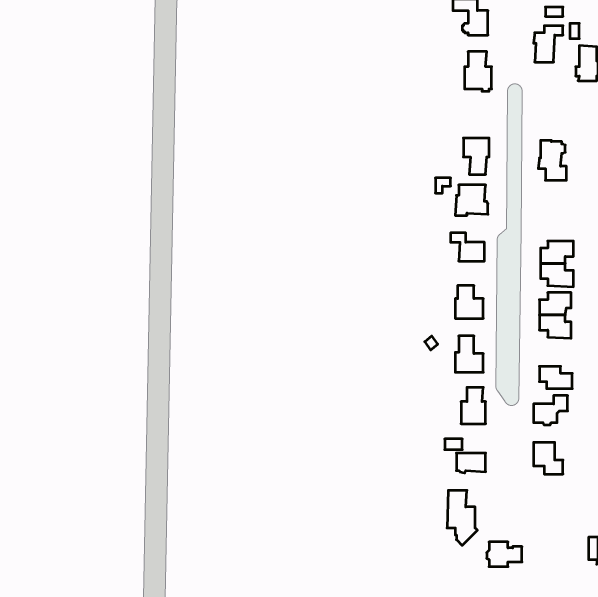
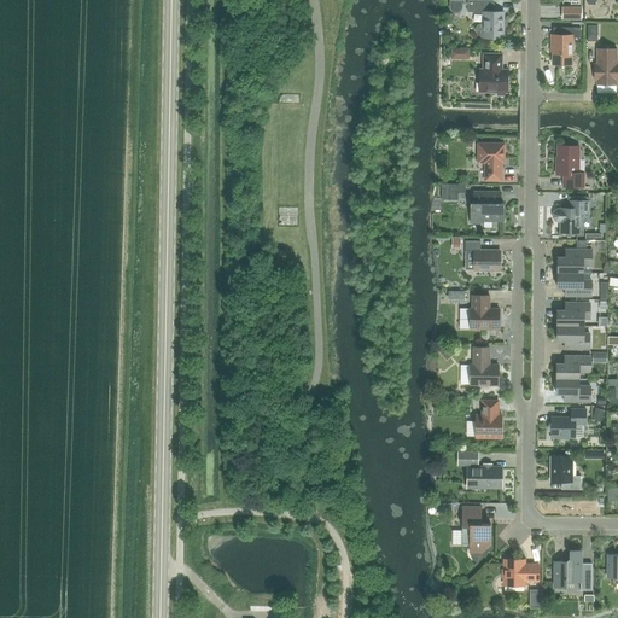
building: none -> [553,196,589,232]
building: none -> [556,355,590,378]
building: none -> [554,549,591,588]

